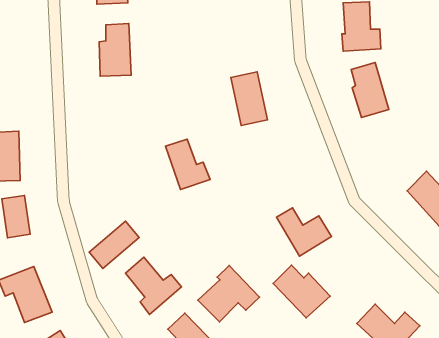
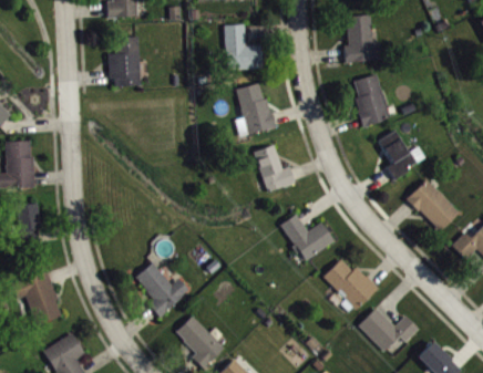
building: none -> [225,24,261,69]
building: none -> [378,129,427,177]
building: [166,139,210,190] -> [253,144,296,193]
building: [89,221,139,269] -> none
building: [273,265,330,318] -> [323,258,379,309]
building: [198,266,260,322] -> none

